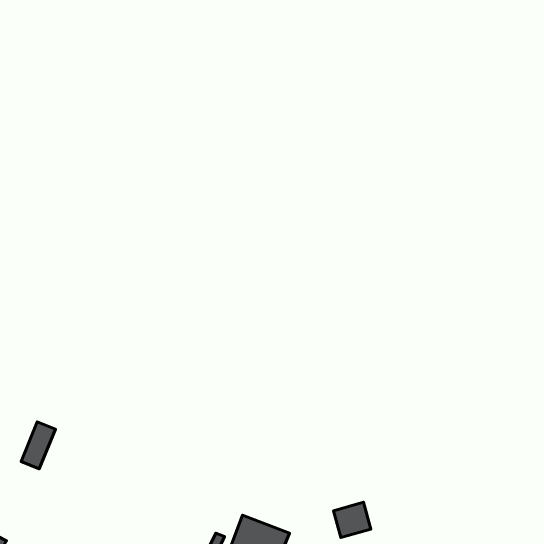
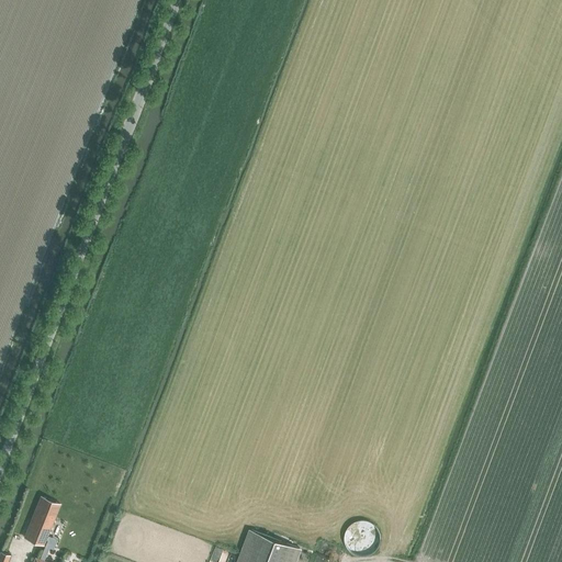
building: [21,422,55,469] -> [23,498,58,547]

